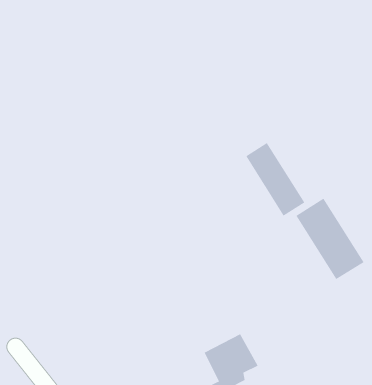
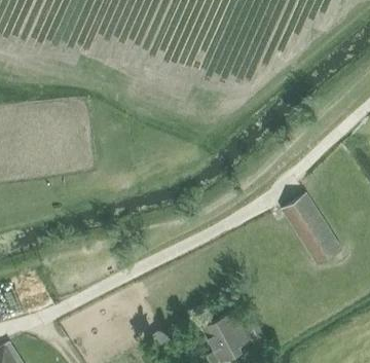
building: [245,142,305,216] -> none

